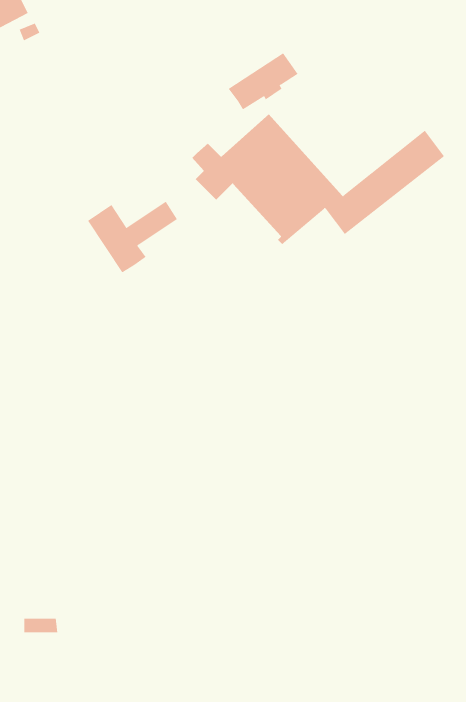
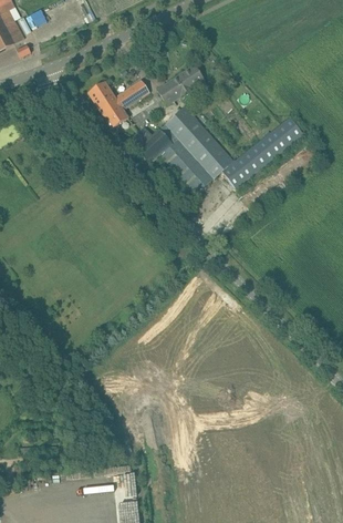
building: [87,201,178,273] -> [87,80,148,129]

